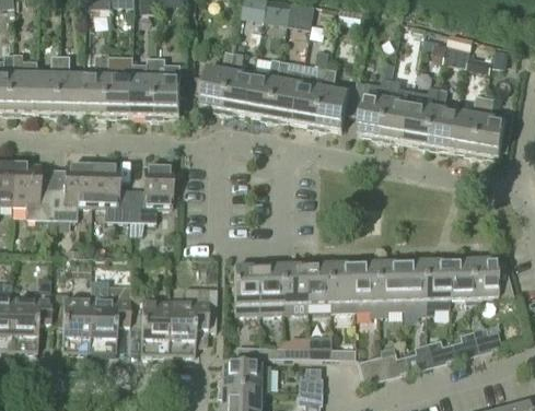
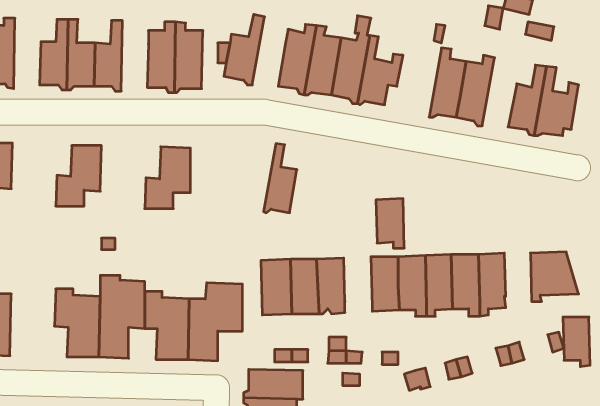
building: [225,51,255,113] -> [264,144,297,213]
building: [14,52,38,115] -> none
building: [109,55,135,117] -> none
building: [353,77,393,140] -> none
building: [429,87,460,149] -> none
building: [12,163,53,219] -> none
building: [91,165,131,221] -> none
building: [449,260,473,304] -> [563,317,590,367]
building: [306,263,332,307] -> [376,199,404,248]
building: [11,292,51,351] -> none

